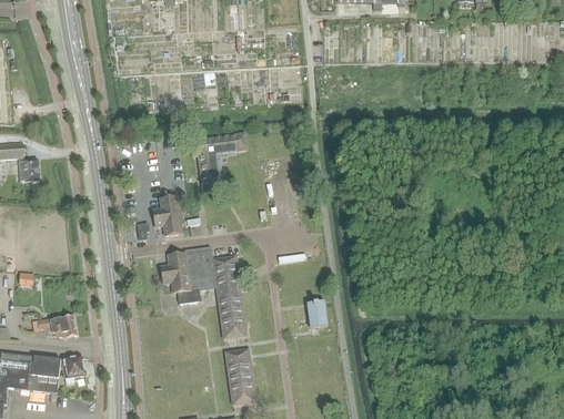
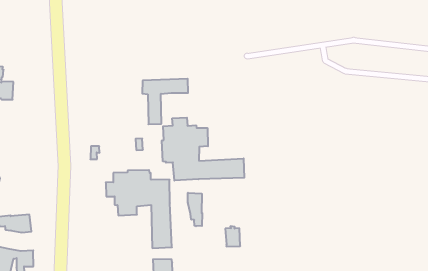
building: none -> [162,118,244,181]
building: [151,195,181,235] -> none
building: none -> [188,193,202,226]

